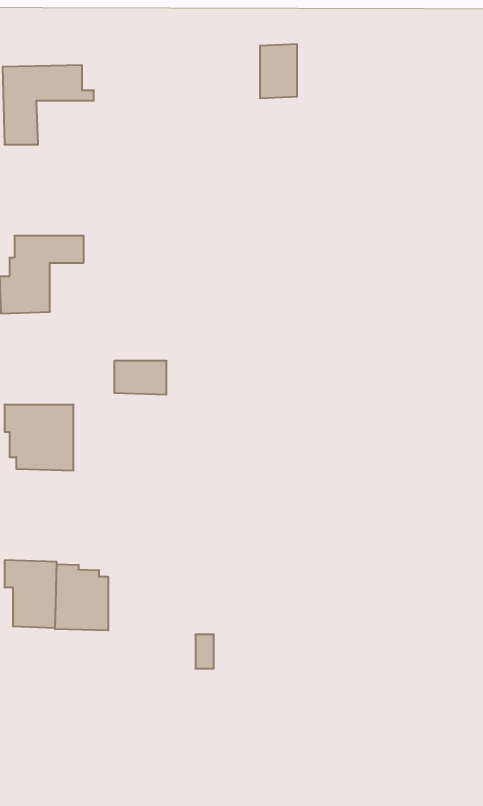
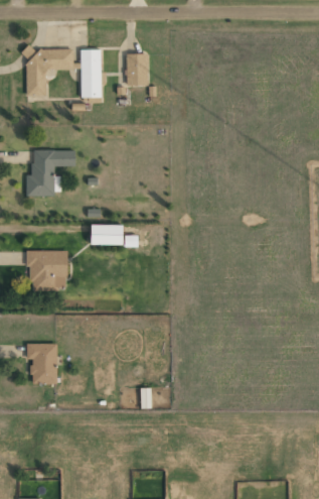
building: [260,44,297,98] -> [126,53,148,86]
building: none -> [81,49,102,98]
building: [55,564,108,631] -> none

